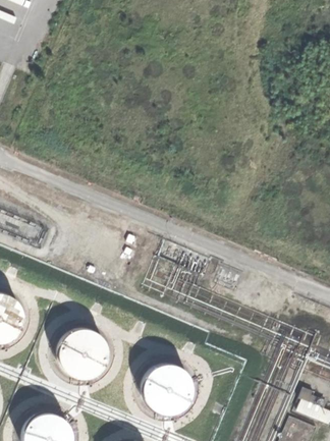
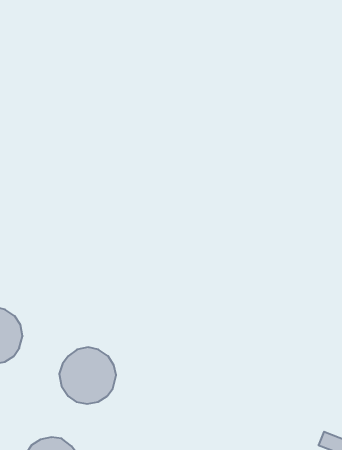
building: [143,366,195,418] -> none

